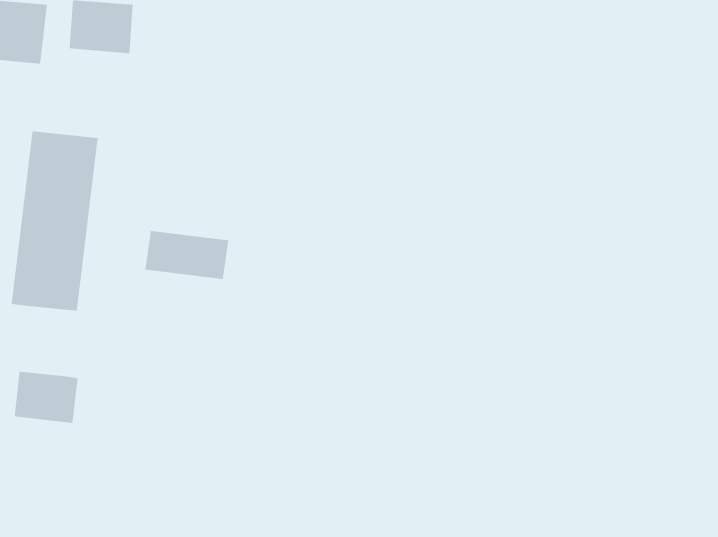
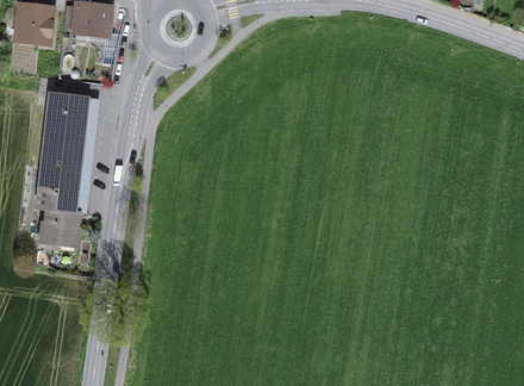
building: [145,230,229,280] -> none
building: [14,371,79,424] -> [38,210,82,245]

